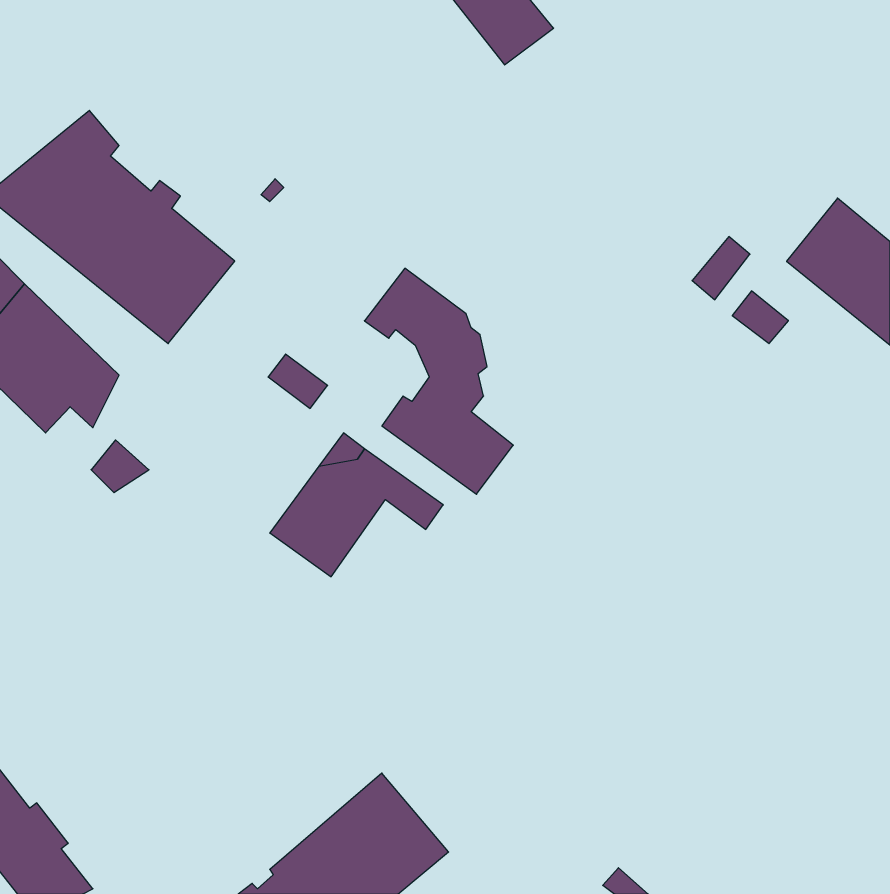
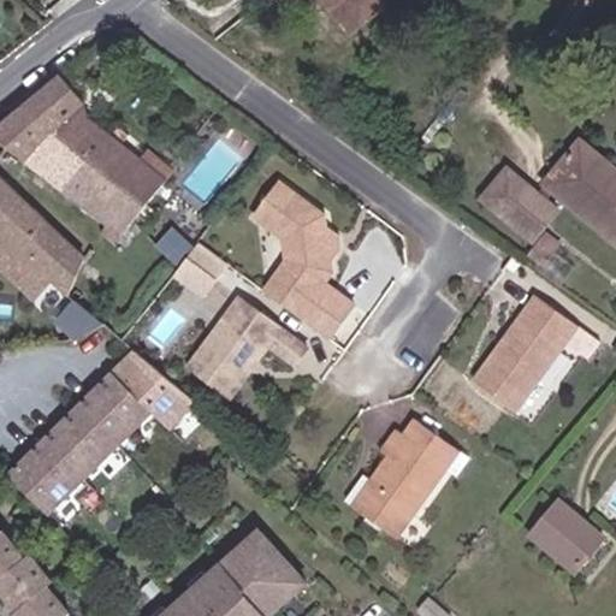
building: none -> [491,174,552,220]
building: none -> [476,291,579,404]
building: none -> [11,349,196,514]
building: none -> [342,413,460,535]
building: none -> [532,499,602,570]

